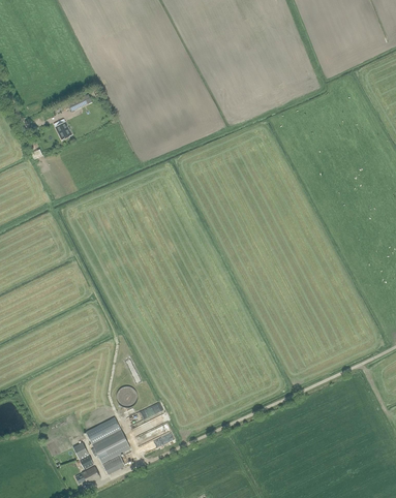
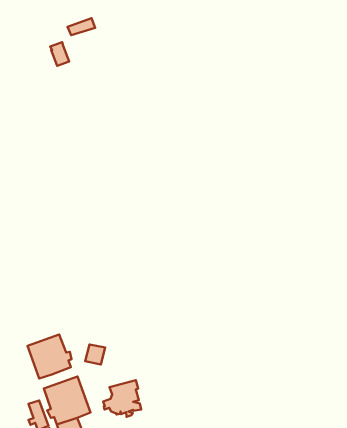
building: none -> [27,334,72,379]

